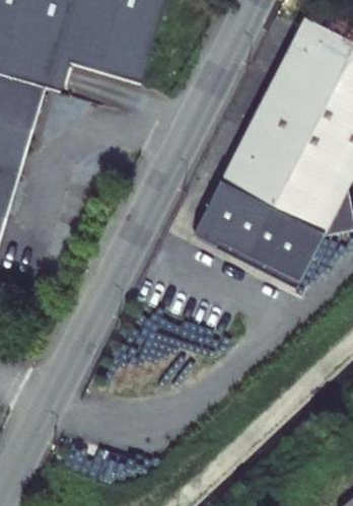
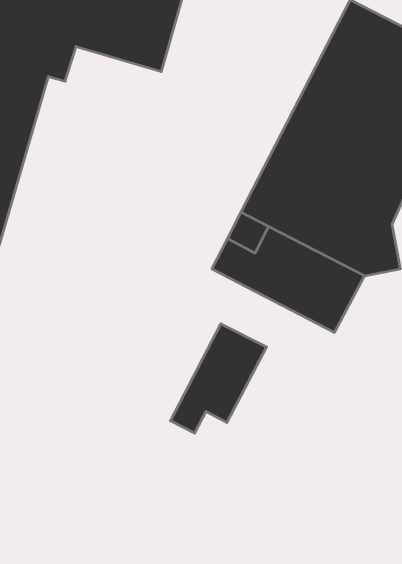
building: none -> [170,324,267,433]

